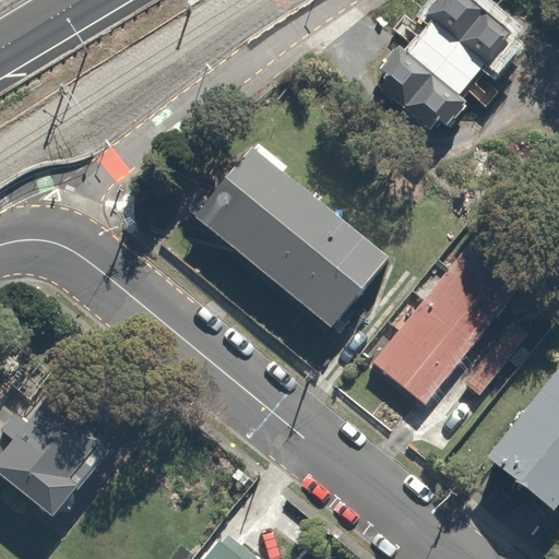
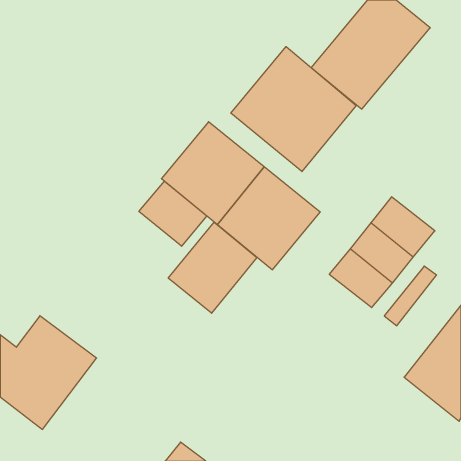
building: none -> [231,47,356,172]
building: none -> [139,181,207,246]
building: none -> [168,222,257,313]
building: [374,332,450,403] -> none

